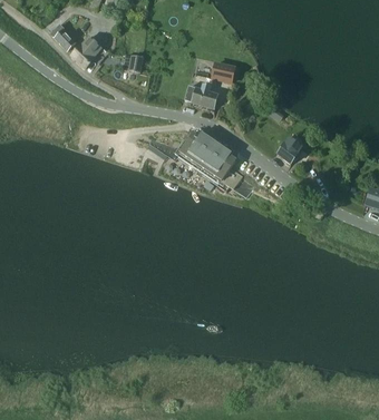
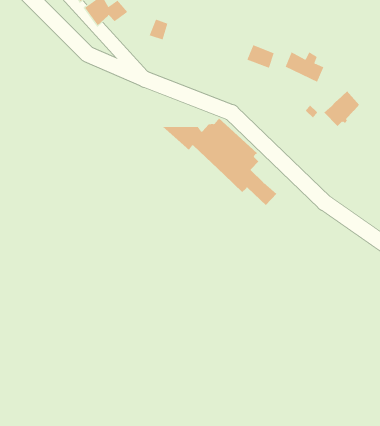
building: [185,84,217,108] -> [285,52,324,83]
building: [276,133,305,164] -> [324,91,360,127]

